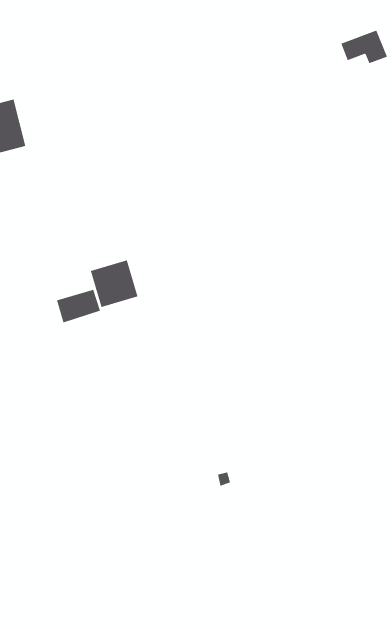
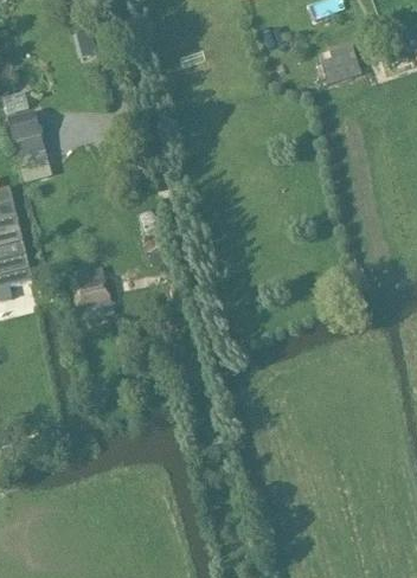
building: [90,260,138,308] -> none

